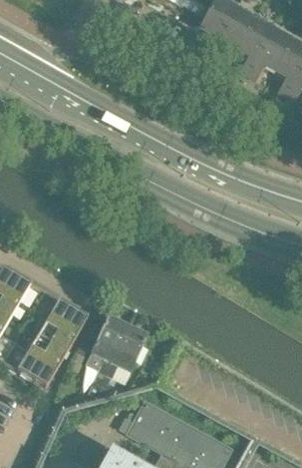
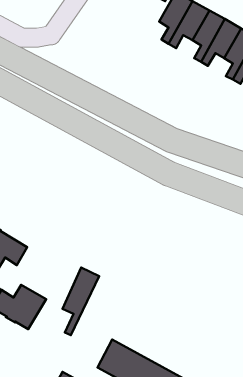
building: [32,291,86,352] -> none
building: [95,325,147,394] -> none

